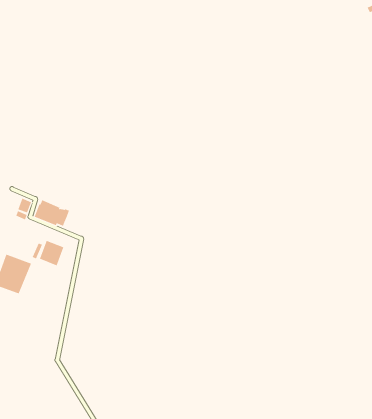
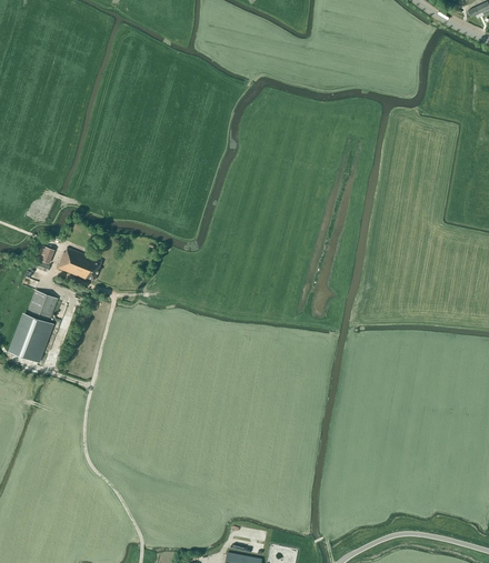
building: [39,240,64,266] -> [26,290,57,322]

